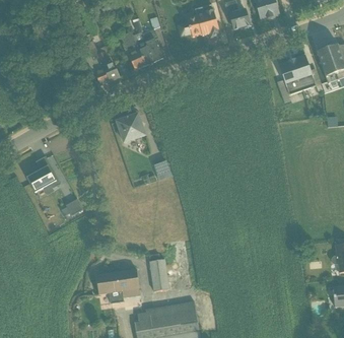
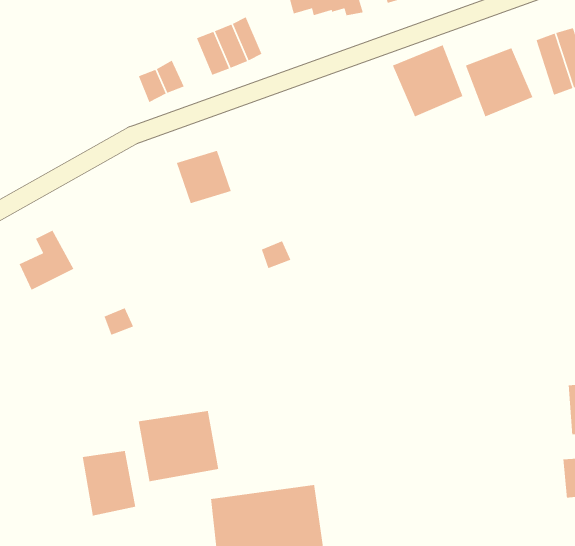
building: none -> [392,44,463,117]
building: [148,260,168,292] -> none
building: none -> [82,450,136,516]

